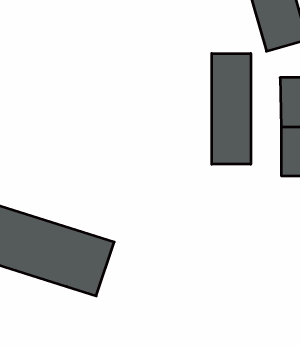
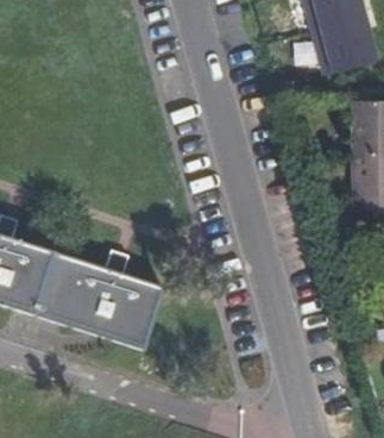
building: [212,53,251,164] -> none

